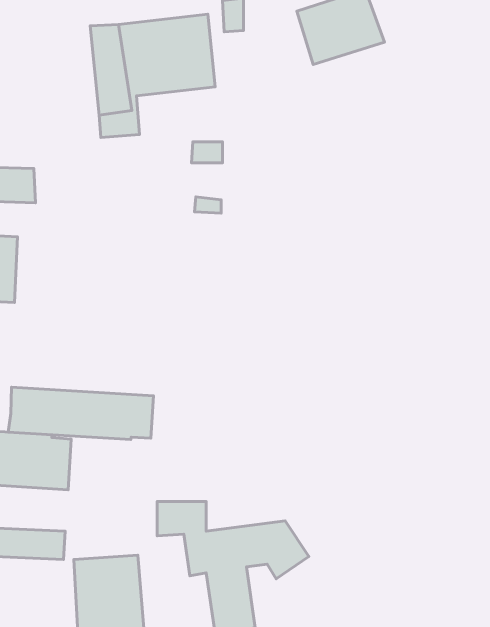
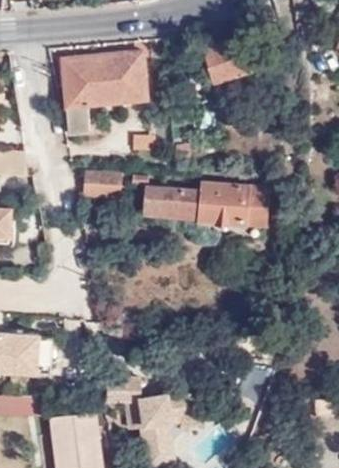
building: none -> [82,169,121,199]
building: none -> [142,183,271,227]
building: [8,387,154,440] -> none

